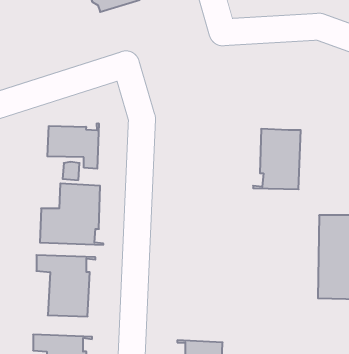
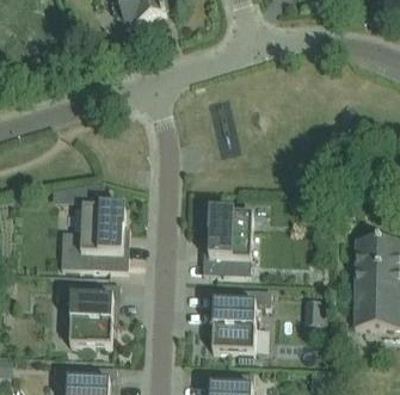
building: [47,123,99,169] -> none
building: [253,129,301,189] -> [202,212,252,276]
building: none -> [209,289,271,352]

